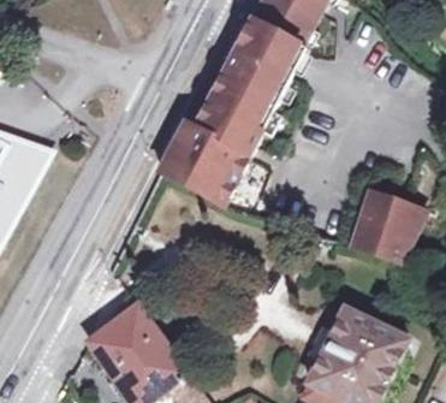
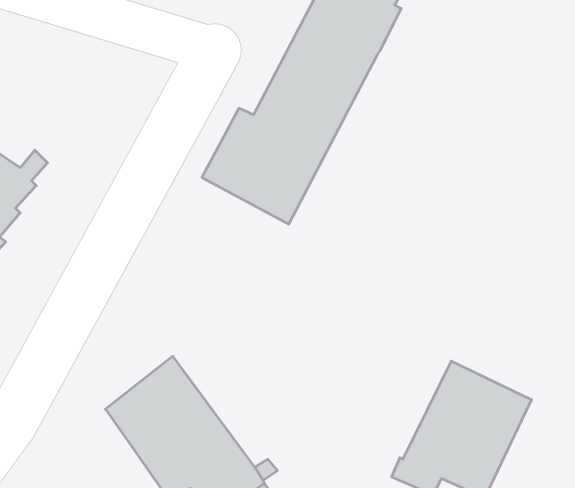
building: [355,192,429,266] -> none

